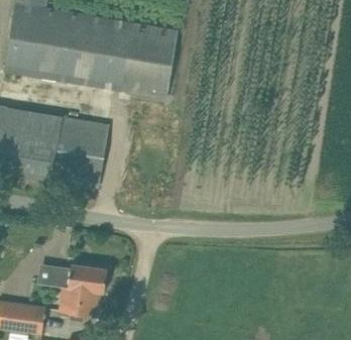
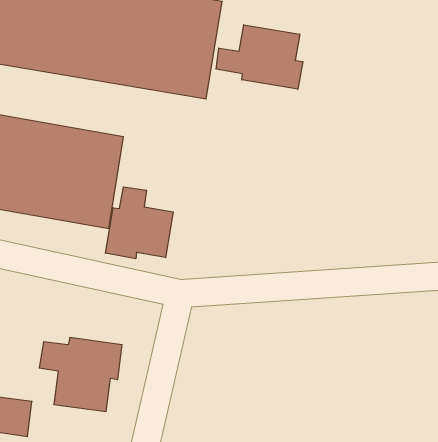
building: none -> [216,25,303,89]
building: none -> [105,187,173,259]

